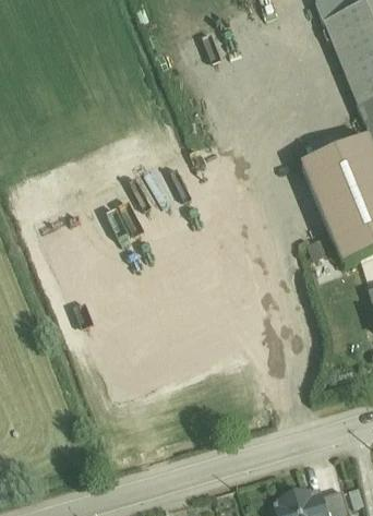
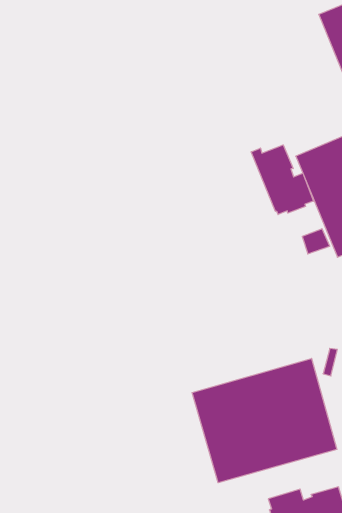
building: none -> [251,145,313,215]
building: none -> [192,358,337,483]

